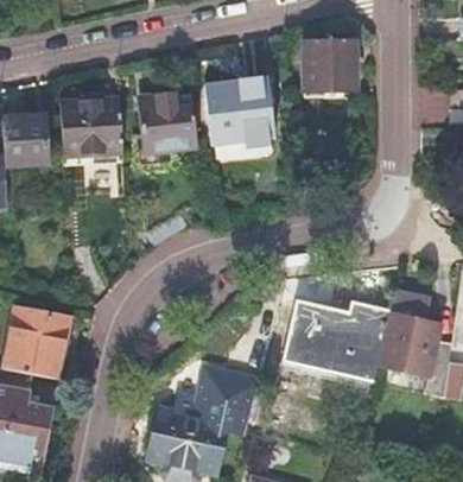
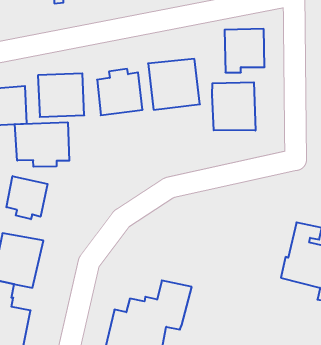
building: none -> [212,82,255,131]
building: none -> [15,122,69,167]
building: none -> [6,176,48,219]
building: [284,300,389,382] -> none

